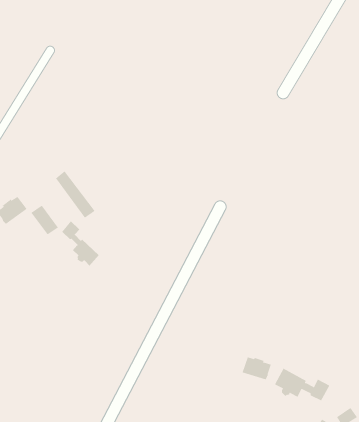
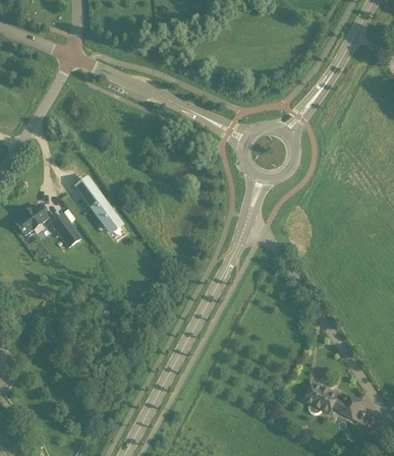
building: [62,221,100,266] -> none
building: [242,357,271,380] -> none

